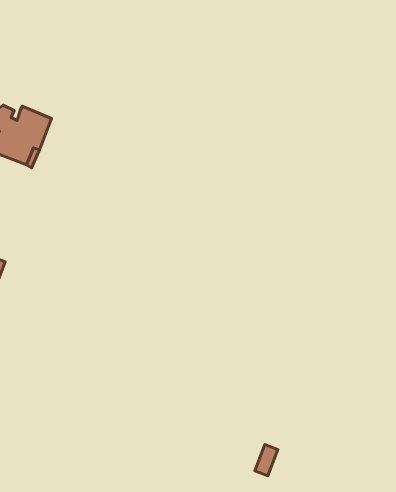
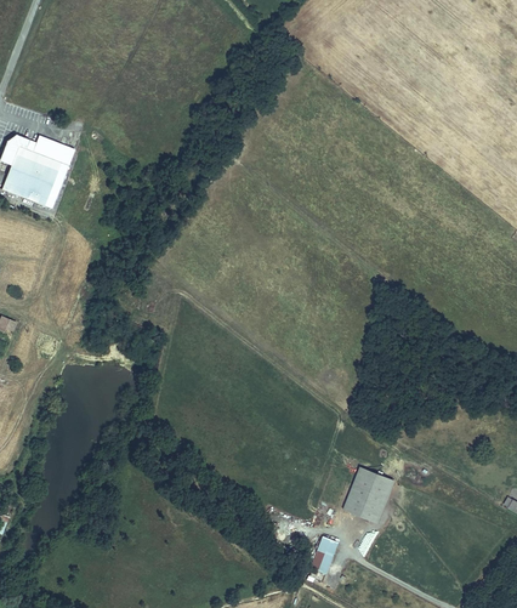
building: none -> [352,471,392,523]

